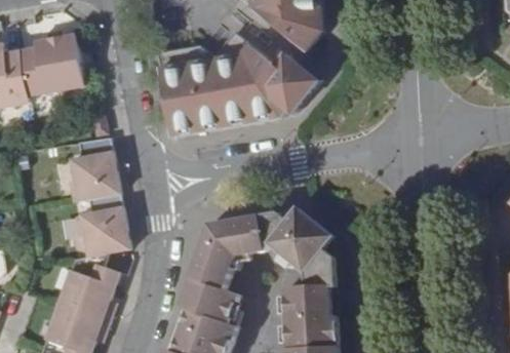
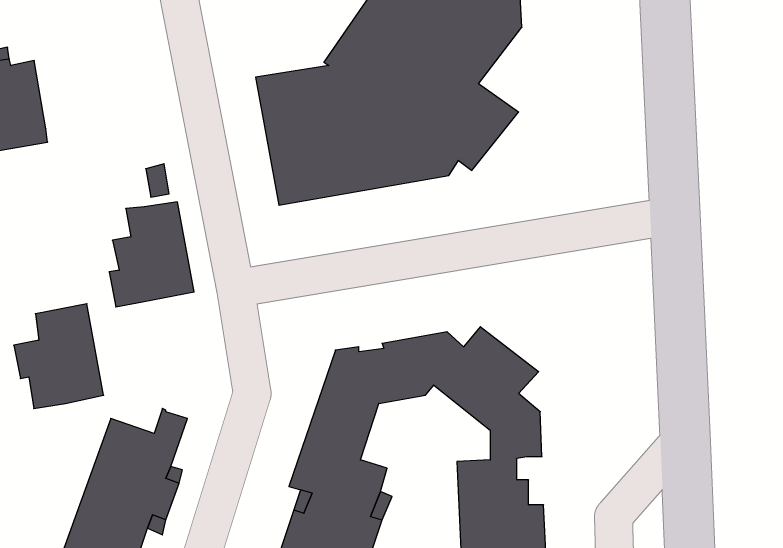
building: [23,28,85,88] -> none
building: [76,189,131,253] -> [14,304,104,409]

